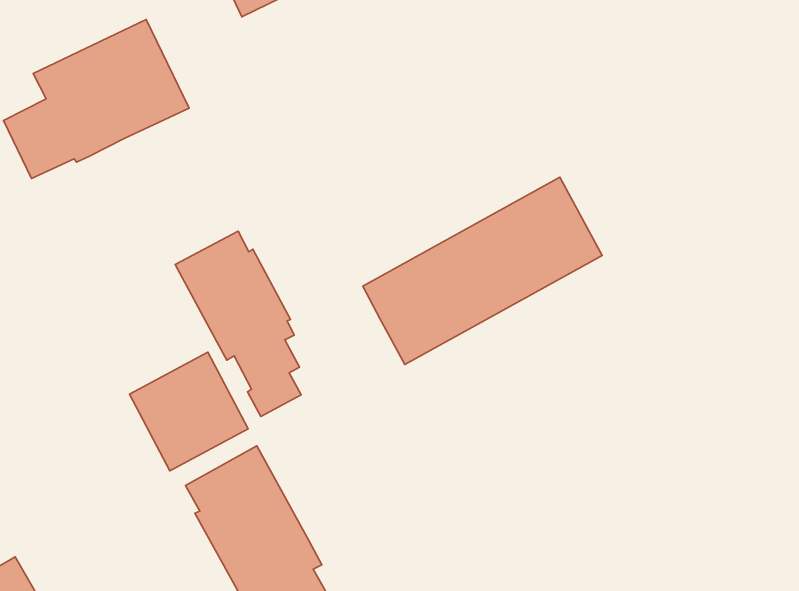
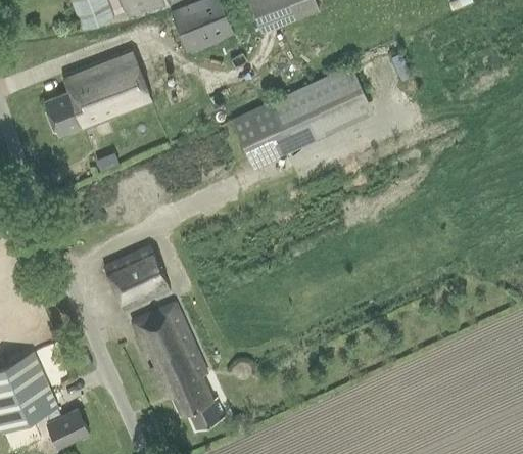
building: [363,177,602,364] -> [233,63,372,164]
building: [175,231,301,416] -> none

